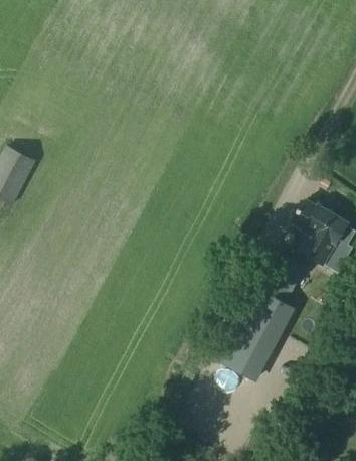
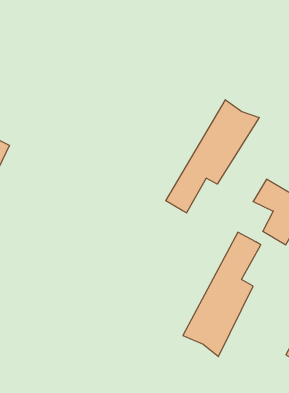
building: none -> [166,100,259,213]

